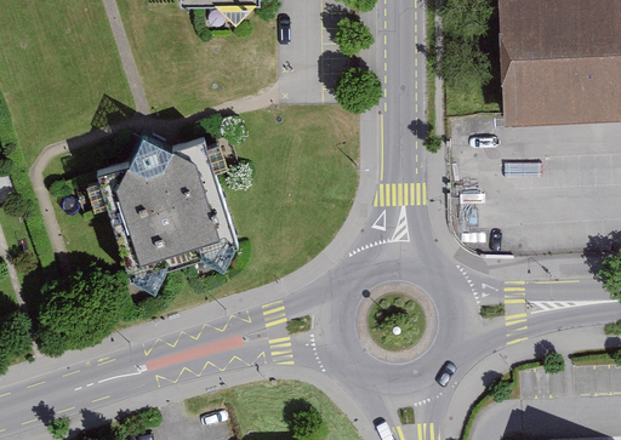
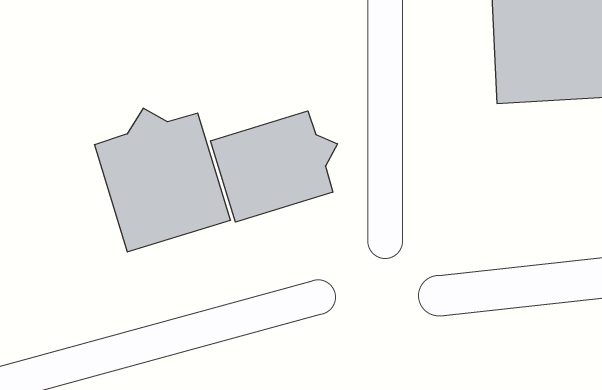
building: none -> [211,111,337,222]

